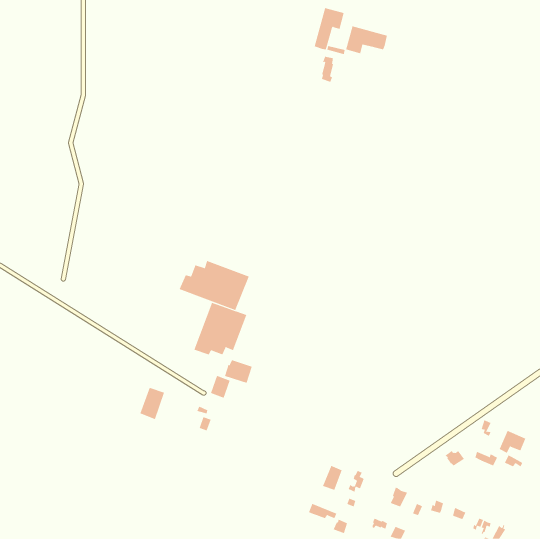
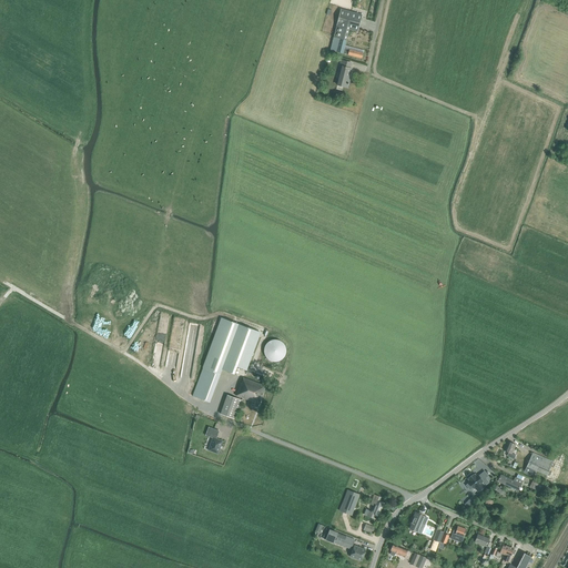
building: [346,26,387,54] -> none
building: [179,260,250,311] -> none
building: [139,387,165,420] -> [193,367,220,402]

